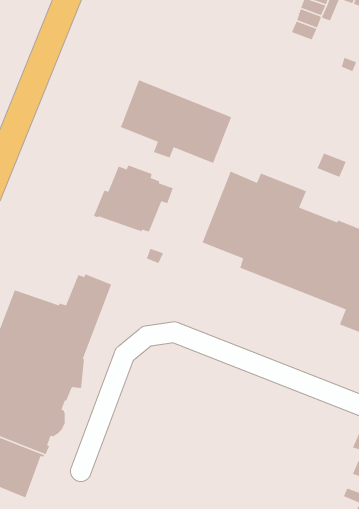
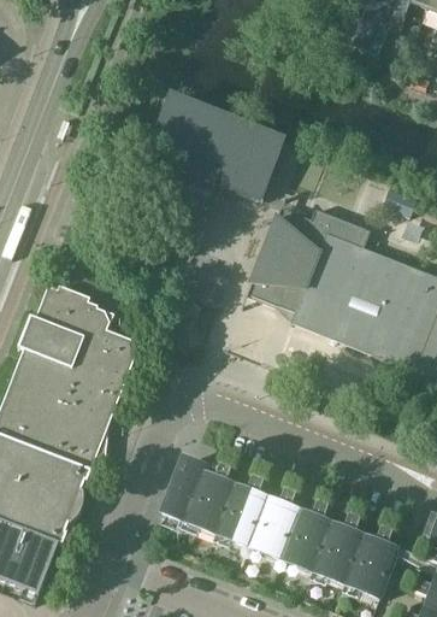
building: [93,164,174,232] -> [17,282,113,363]
building: none -> [161,457,397,597]

